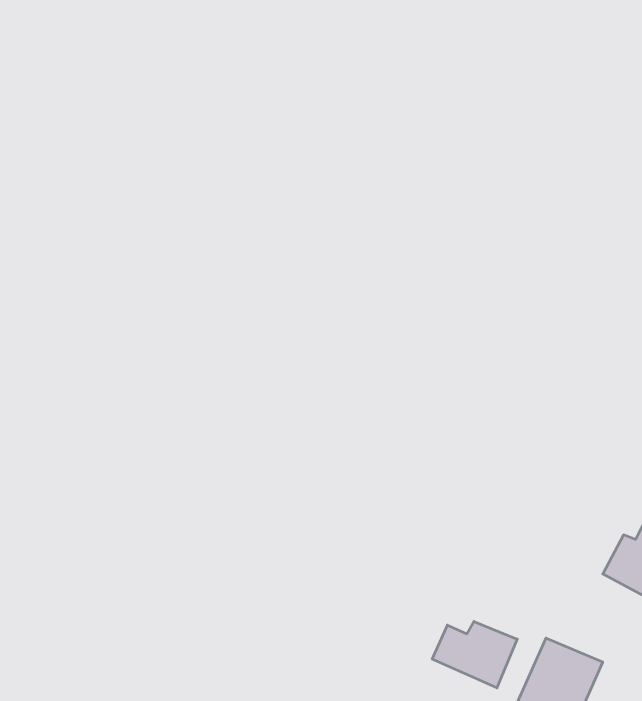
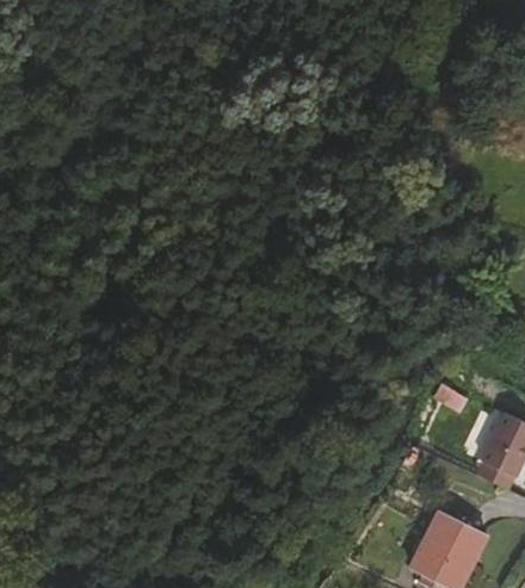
building: [432,621,517,688] -> none

